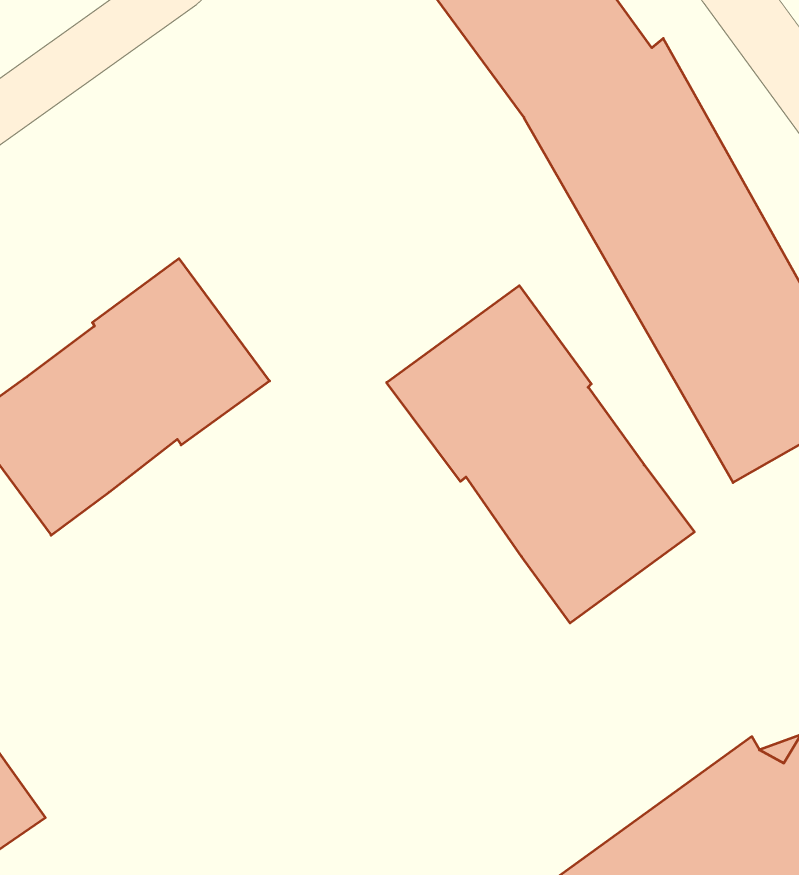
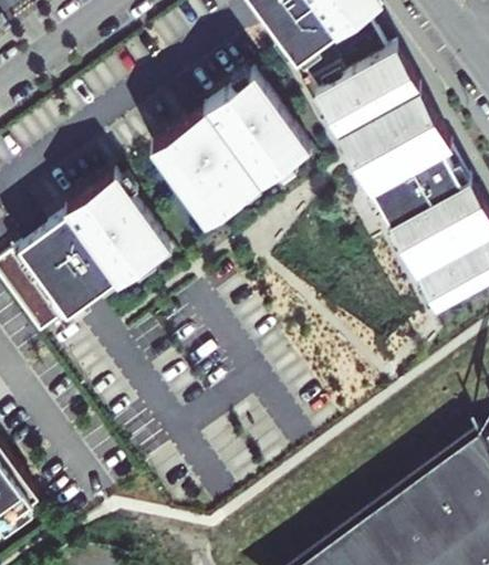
building: none -> [149,77,304,224]
building: [387,286,694,623] -> none

